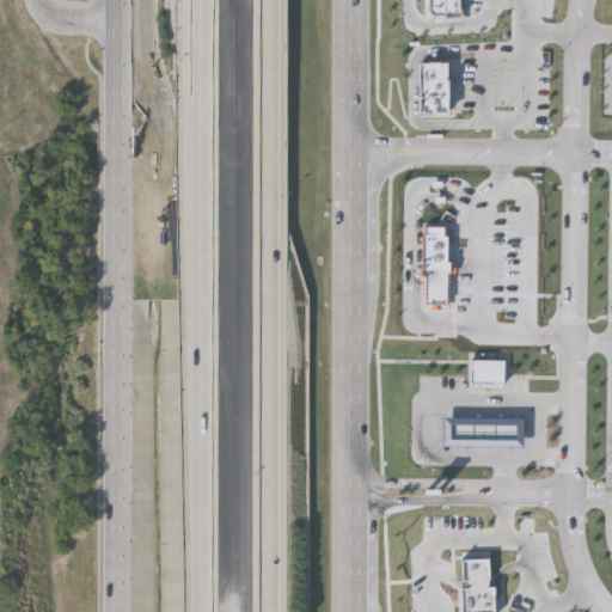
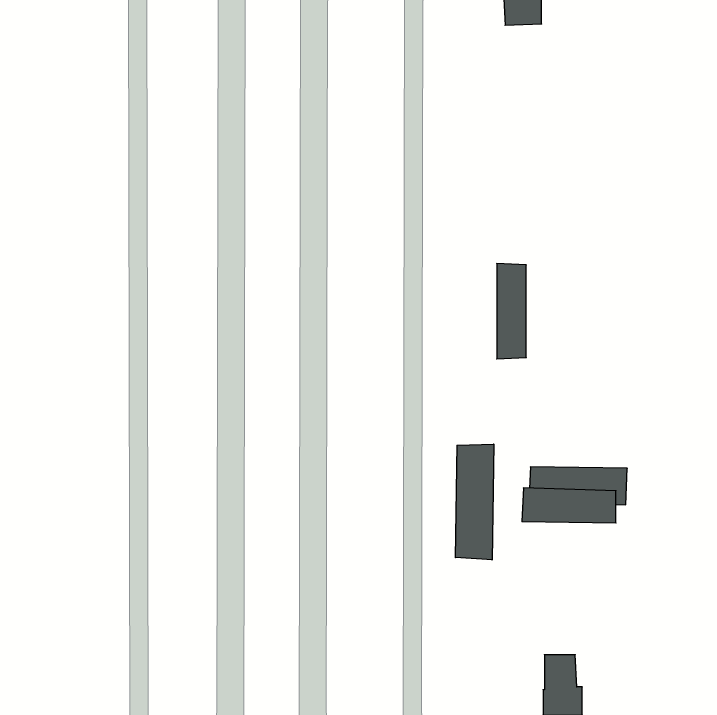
building: [421,62,449,112] -> none
building: [471,359,504,384] -> none
building: none -> [455,444,494,560]

